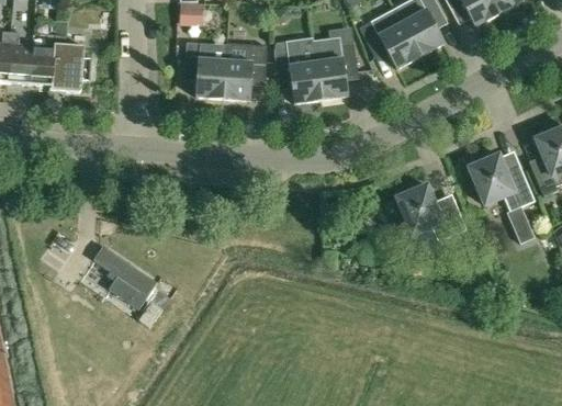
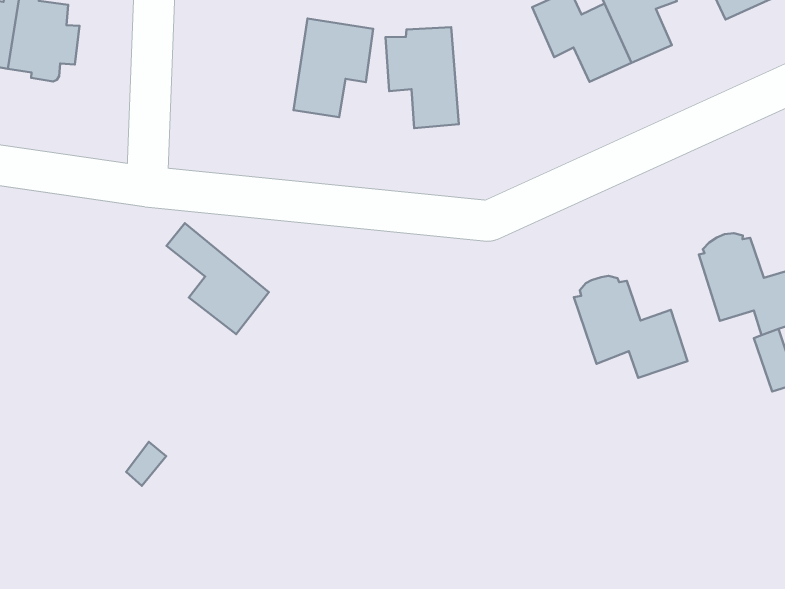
building: [314,31,358,99] -> none
building: [183,41,226,98] -> none
building: [93,246,156,309] -> [167,223,269,334]

